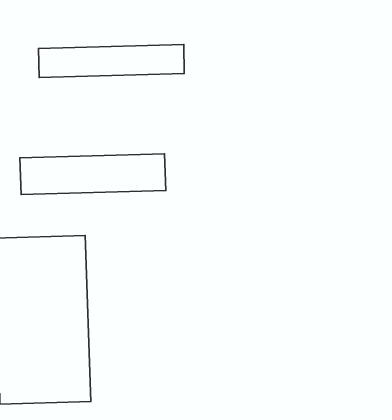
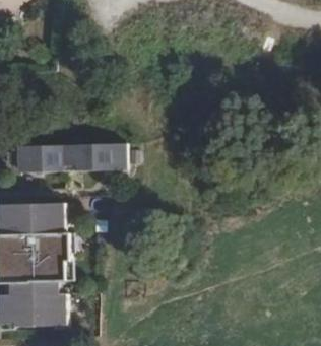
building: [39,44,184,77] -> none

